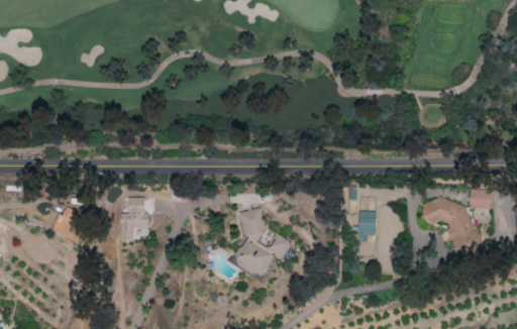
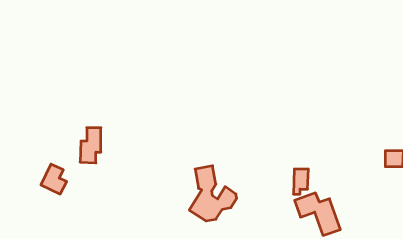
building: [421,196,477,247] -> [295,193,340,235]
building: [121,198,146,240] -> [80,128,101,163]

